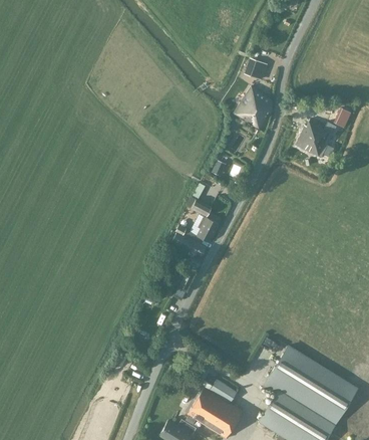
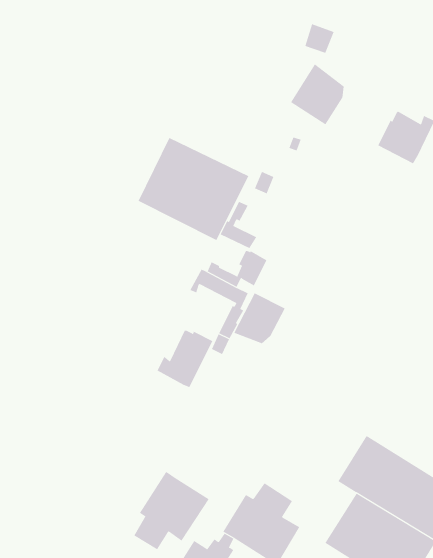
building: none -> [138,137,249,241]
building: none -> [233,292,285,344]
building: none -> [157,330,213,388]
building: none -> [134,471,210,550]

